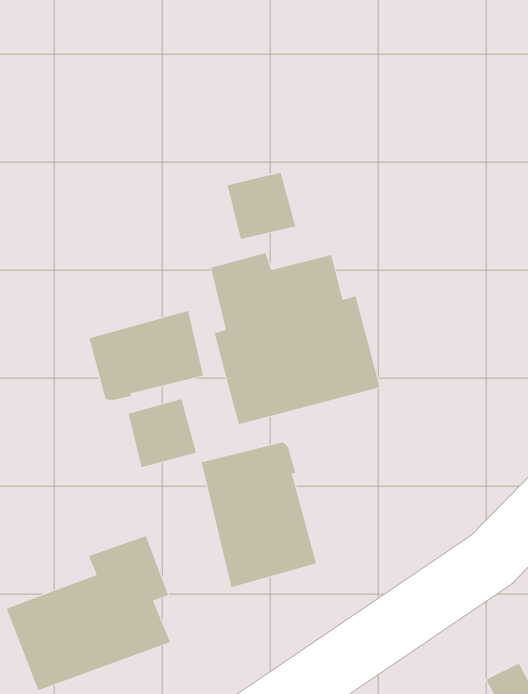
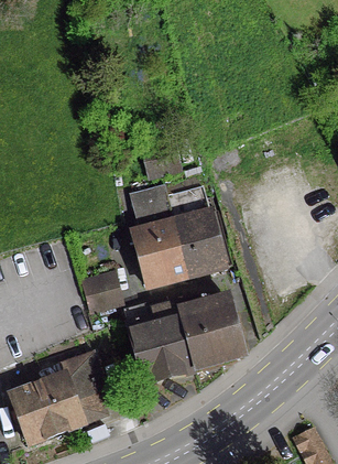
building: [89,310,204,401] -> none
building: none -> [176,294,243,368]

